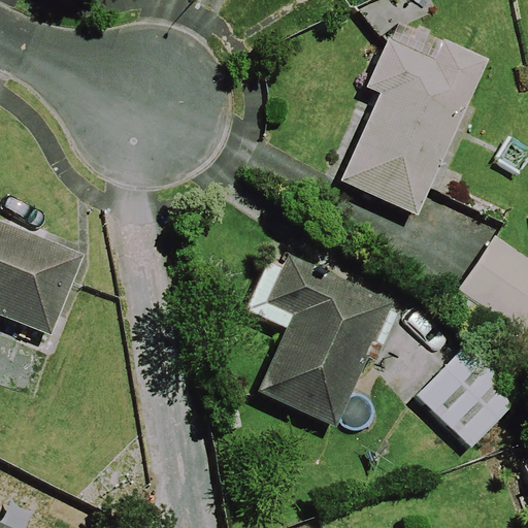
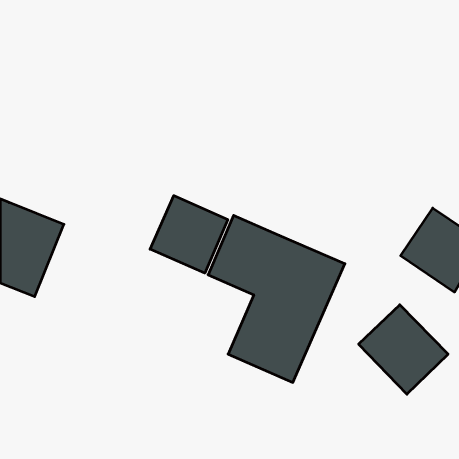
building: [328,24,484,218] -> none
building: none -> [150,196,228,273]

